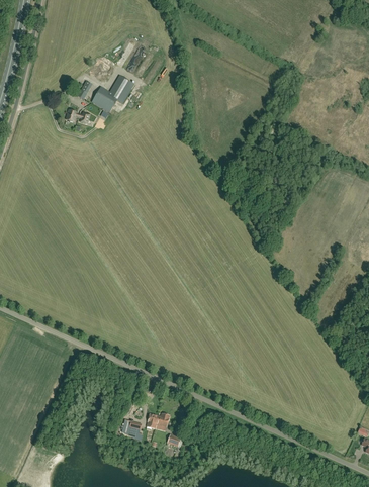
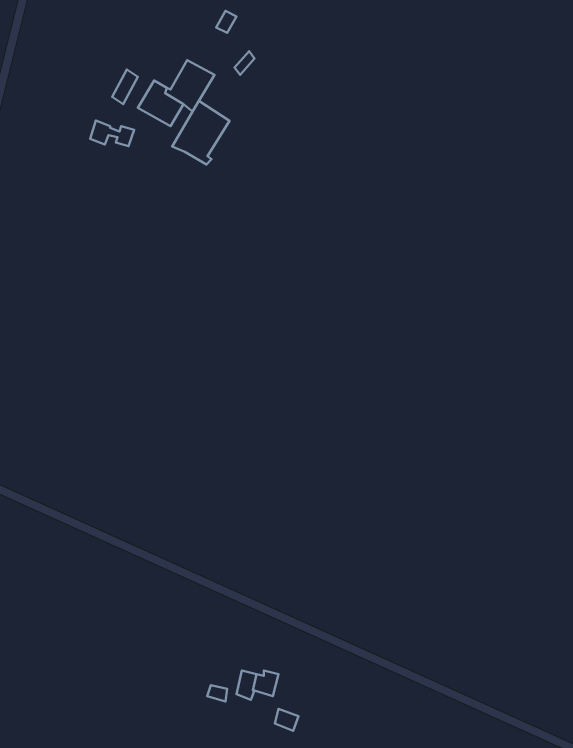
building: none -> [172,101,230,164]

